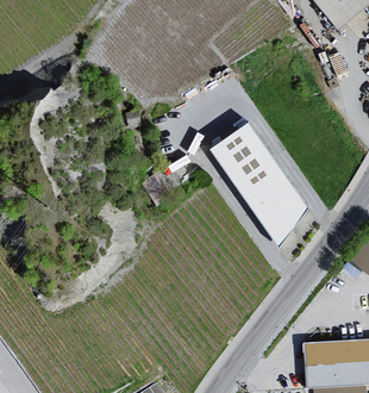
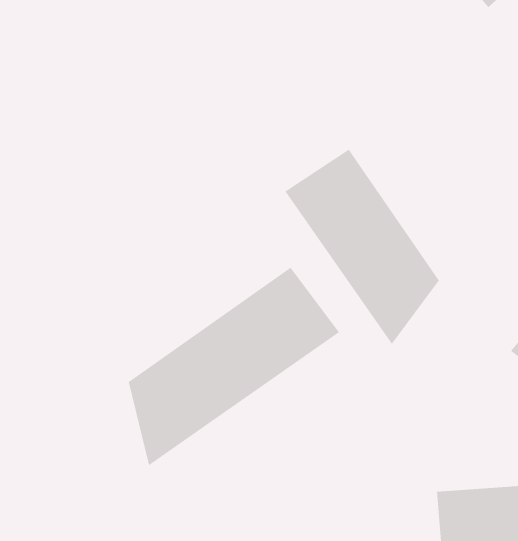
building: none -> [128,267,340,466]

